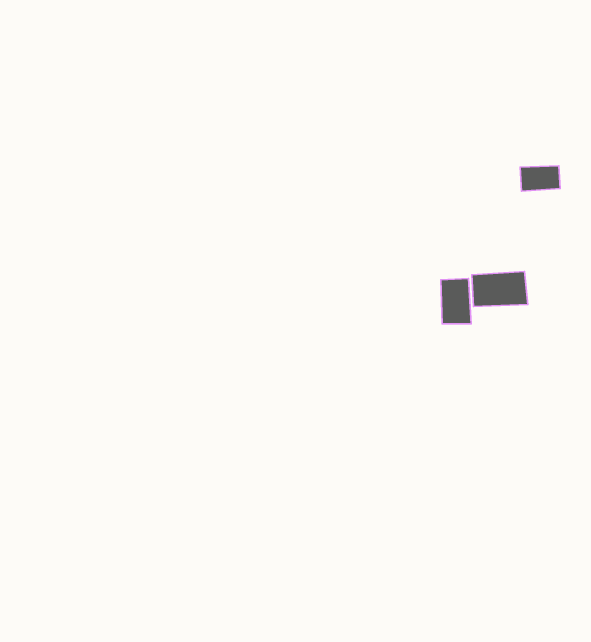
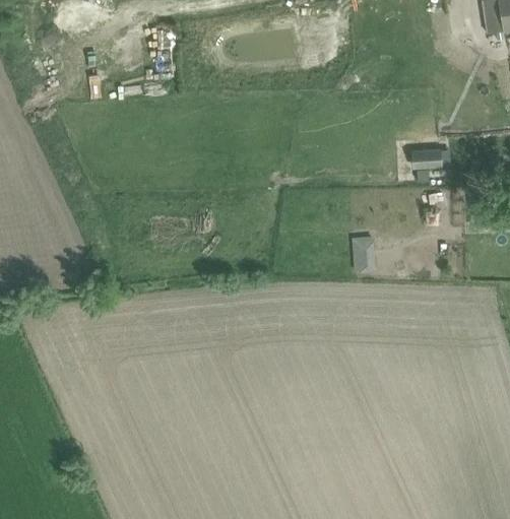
building: [472,271,528,306] -> none

